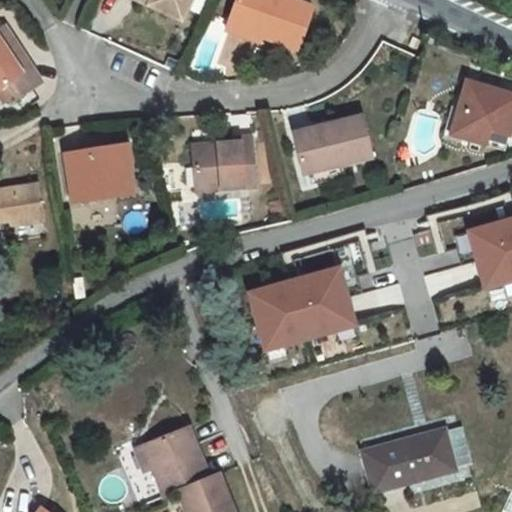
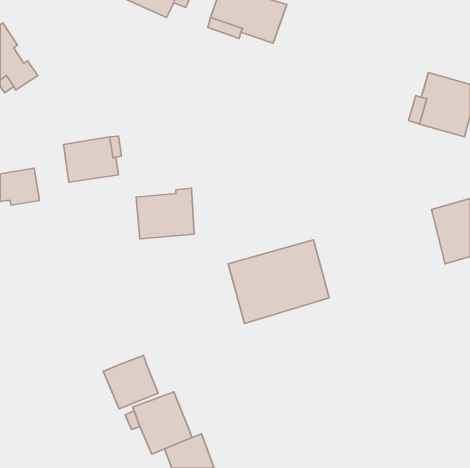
building: [293,114,372,183] -> none
building: [192,135,255,190] -> [136,188,194,239]
building: none -> [103,356,158,409]
building: [363,428,455,490] -> none

